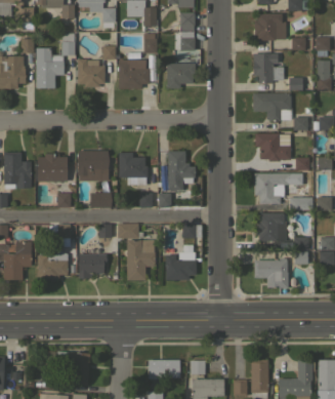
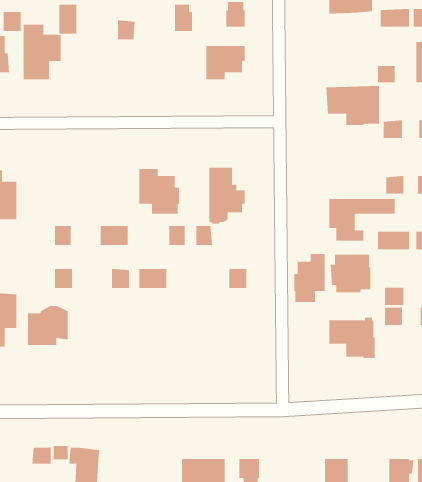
building: [118,53,150,88] -> none
building: [253,53,283,83] -> none
building: [77,58,104,87] -> none
building: [255,133,290,161] -> none
building: [77,151,108,181] -> none
building: [37,154,67,182] -> none
building: none -> [294,253,325,303]
building: [127,240,155,280] -> none
building: [79,246,107,278] -> none
building: [165,253,196,280] -> none

